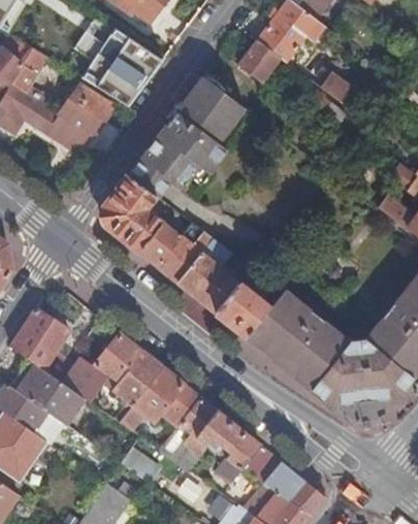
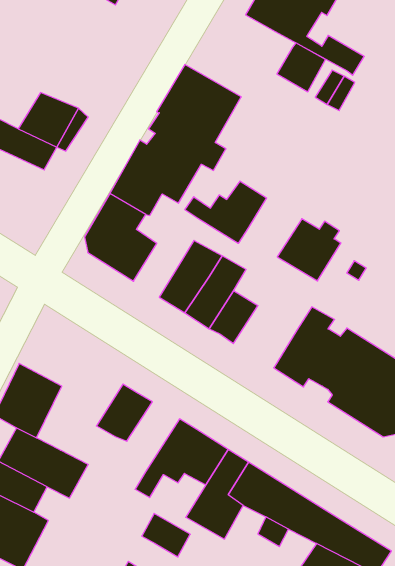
building: [83,30,162,106] -> none
building: [237,41,279,83] -> [277,43,325,92]
building: none -> [185,181,267,243]
building: [138,221,181,265] -> none
building: [215,282,268,334] -> [277,219,341,281]
building: [112,351,163,407] -> none
building: [62,356,108,401] -> none

